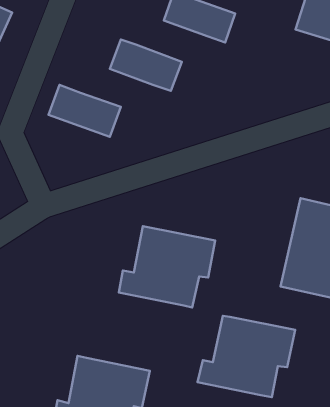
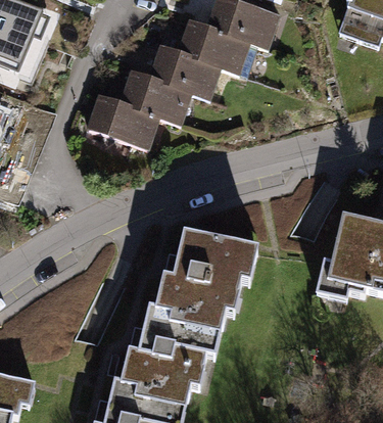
building: none -> [176,17,249,70]
building: none -> [119,66,193,120]
building: [198,316,295,397] -> [126,299,225,382]

